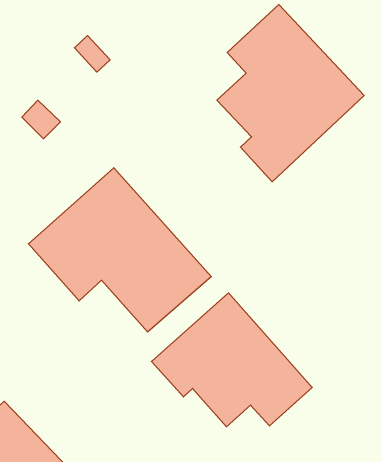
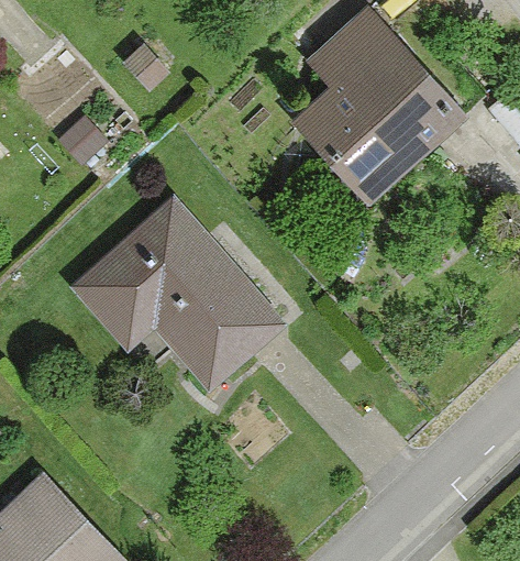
building: [151,293,312,427] -> none

